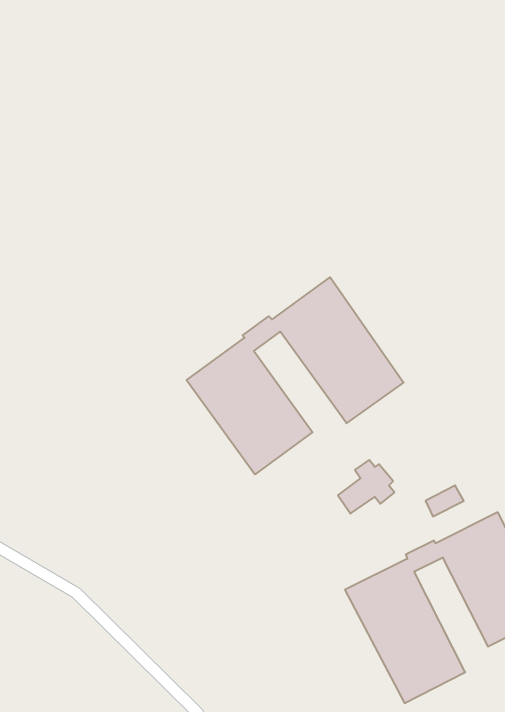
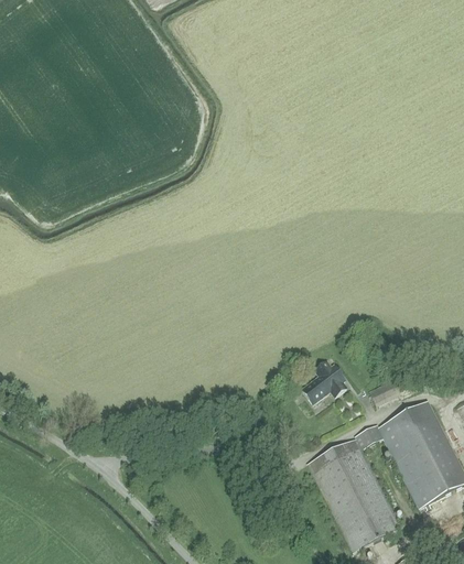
building: [187,277,404,474] -> none

